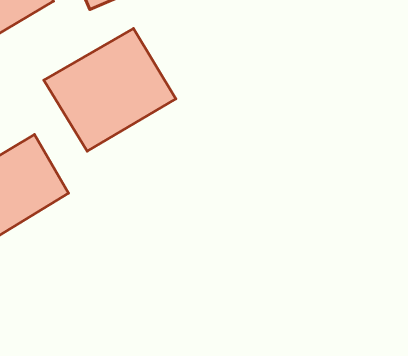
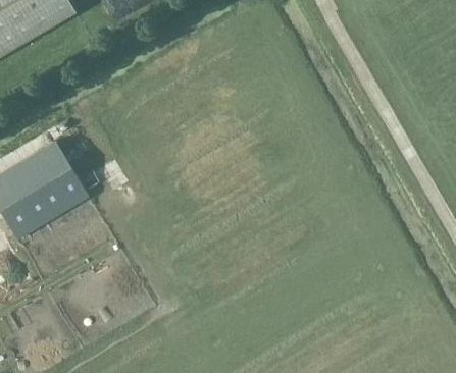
building: [44,28,176,151] -> none

